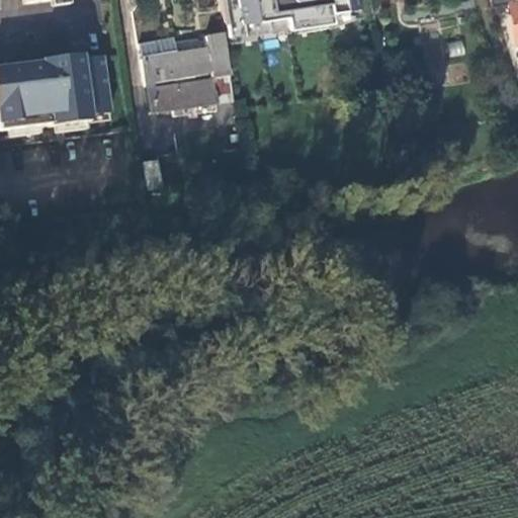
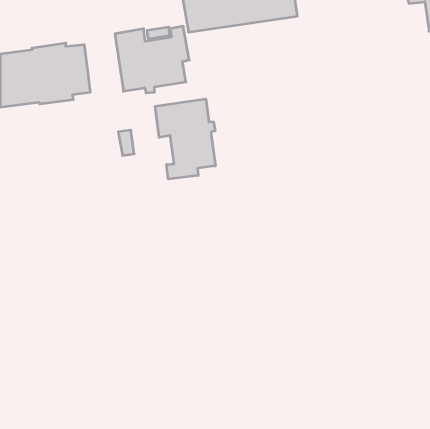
building: none -> [155,99,215,179]

